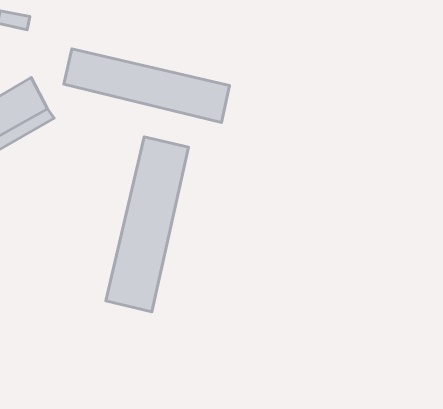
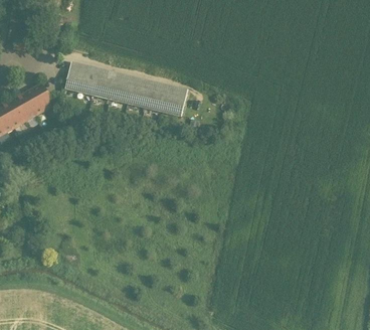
building: [106,137,188,312] -> none

